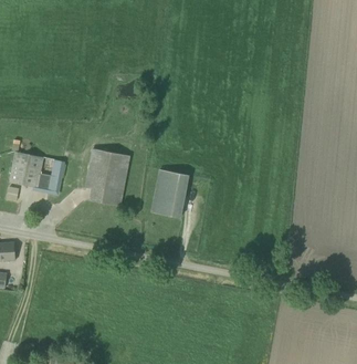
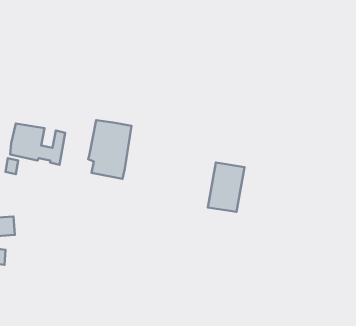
building: [153,169,188,217] -> [208,163,245,212]

